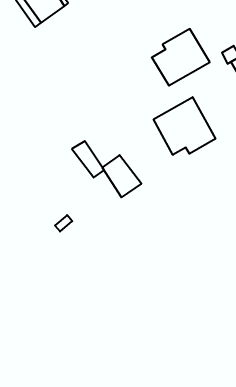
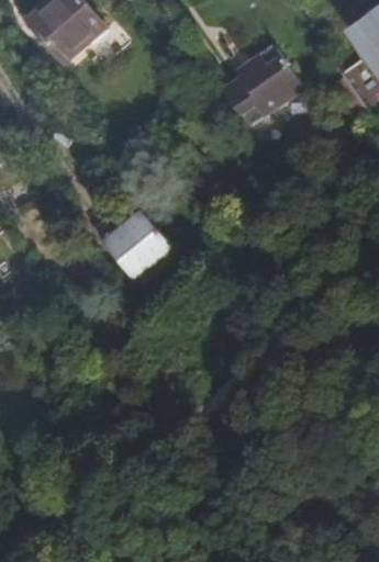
building: [154,97,215,155] -> none
building: [102,155,141,197] -> [102,222,157,279]

